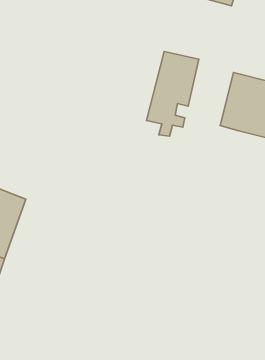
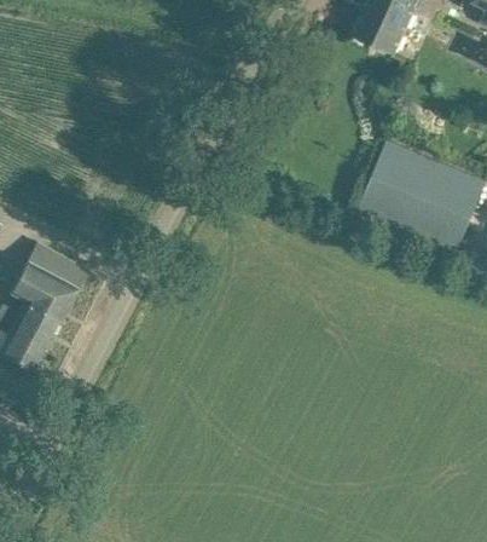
building: [147,52,199,136] -> none

